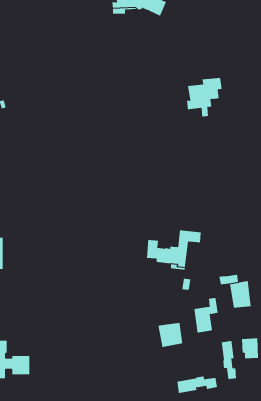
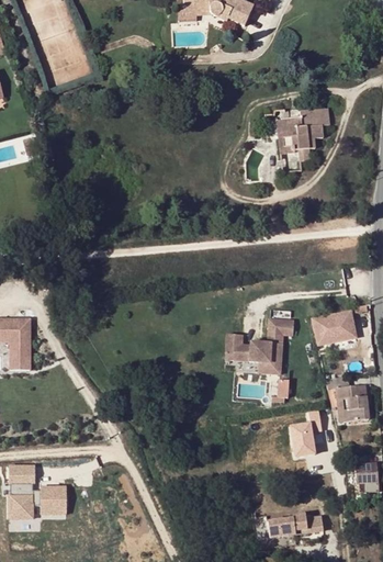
building: none -> [312,304,369,346]
building: [158,322,183,348] -> none
building: [221,340,237,380] -> none

